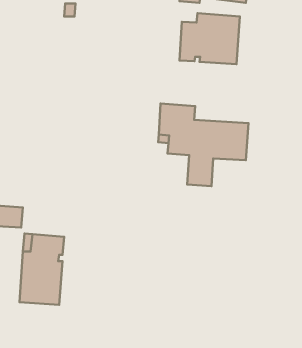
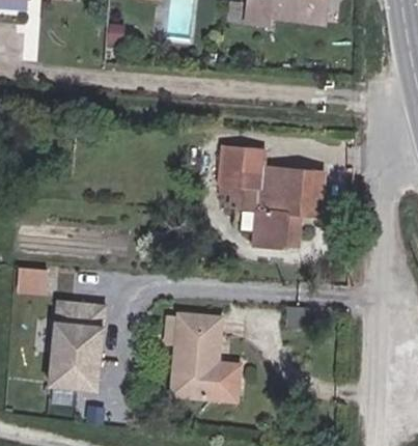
building: [179,13,240,64] -> none
building: none -> [164,312,242,396]

